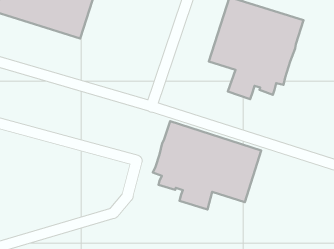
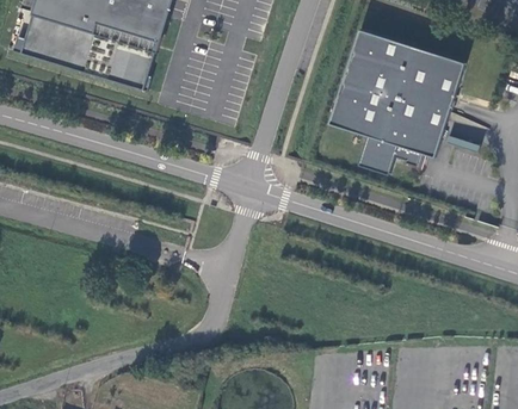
building: [153,121,261,209] -> none

